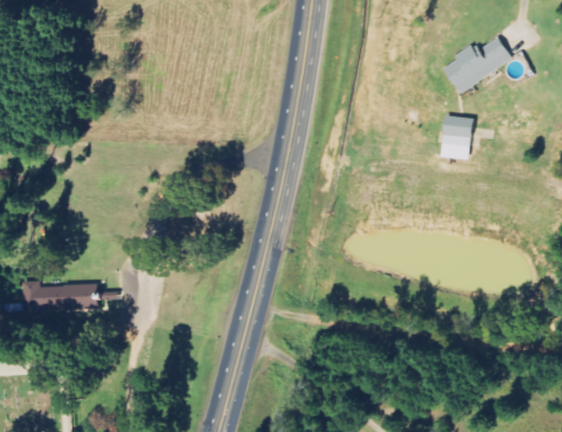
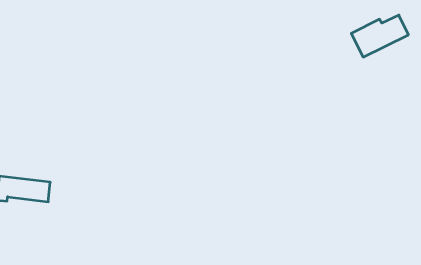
building: [440,115,472,159] -> none

